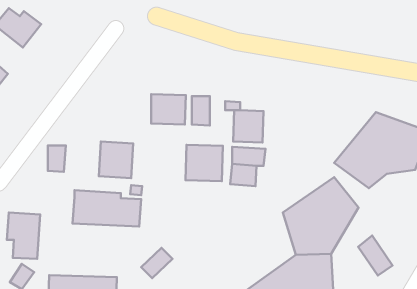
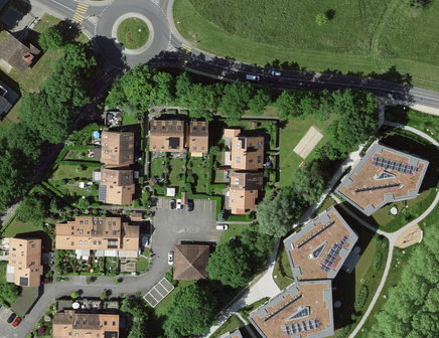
building: none -> [101,134,134,165]
building: [186,145,223,181] -> [170,241,207,278]
building: [48,145,66,172] -> [56,225,75,251]
building: [358,236,393,276] -> none

